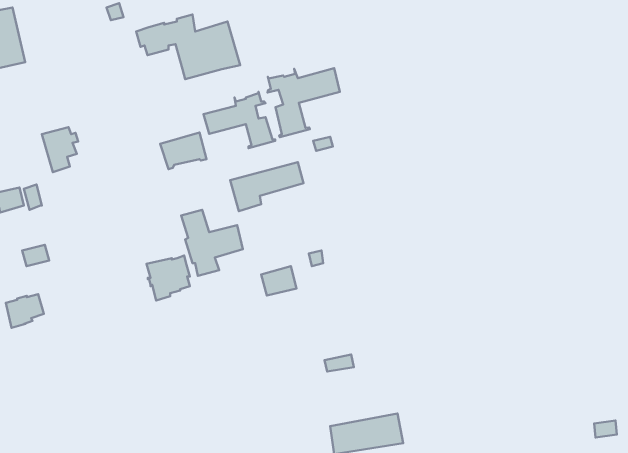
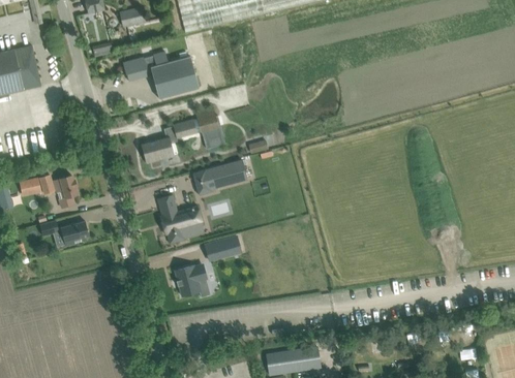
building: [267,68,340,137] -> none
building: [42,127,78,172] -> [54,175,81,208]
building: [146,255,190,300] -> [175,263,207,296]
building: [6,294,44,328] -> [61,221,89,246]

